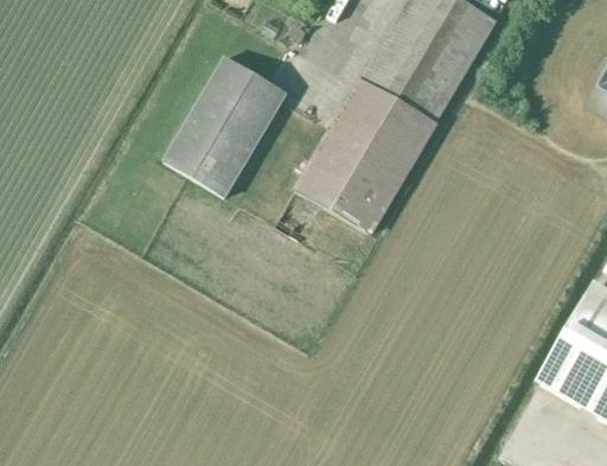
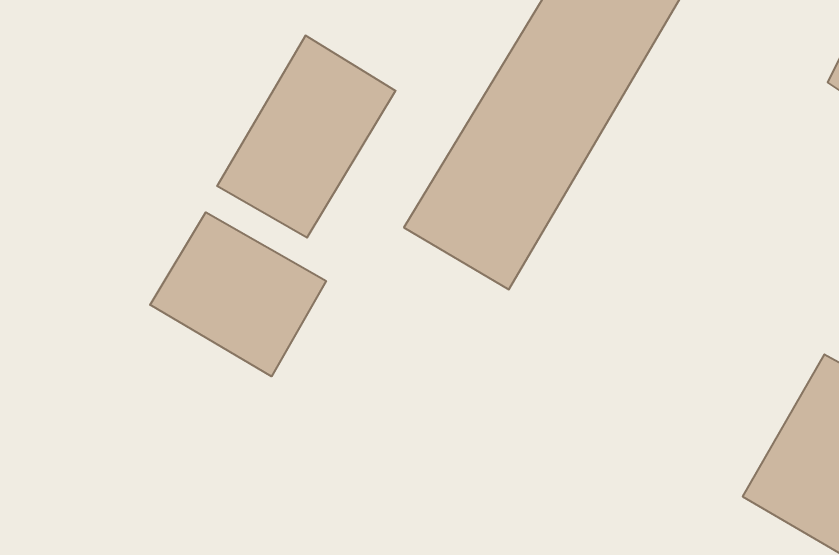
building: none -> [150,212,326,376]

